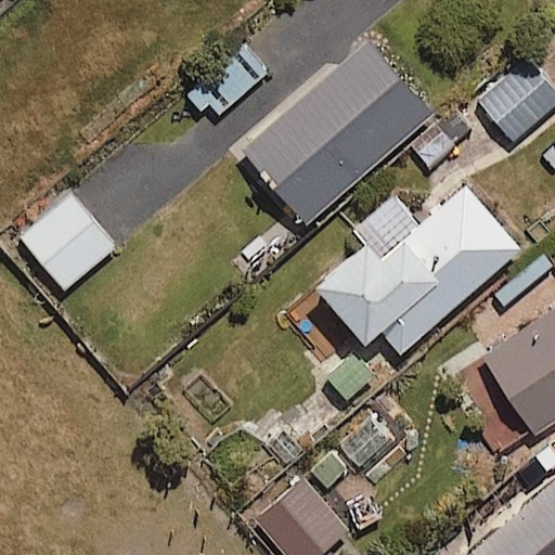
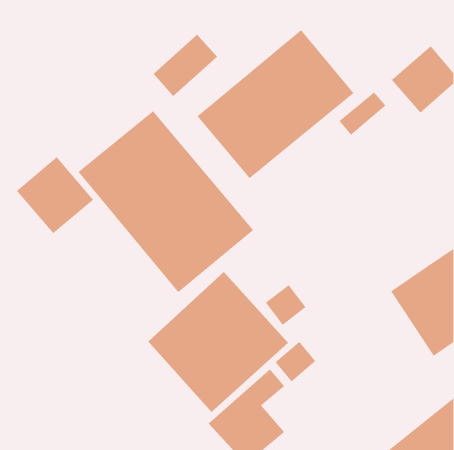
building: none -> [77,110,254,293]
building: [317,182,530,348] -> none
building: none -> [147,271,289,413]

